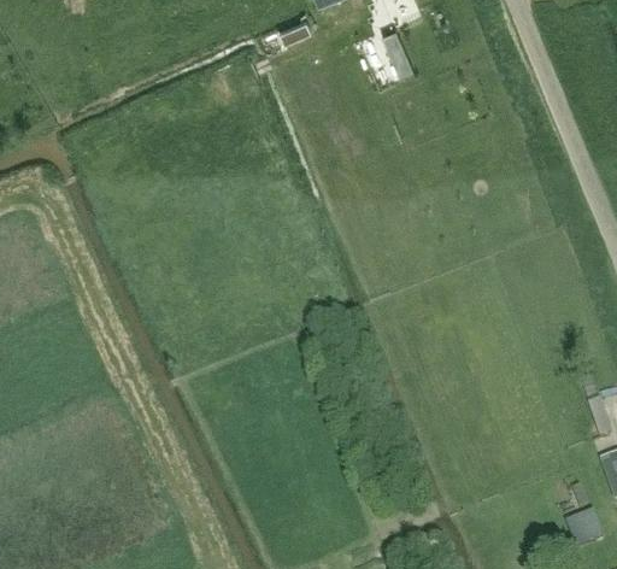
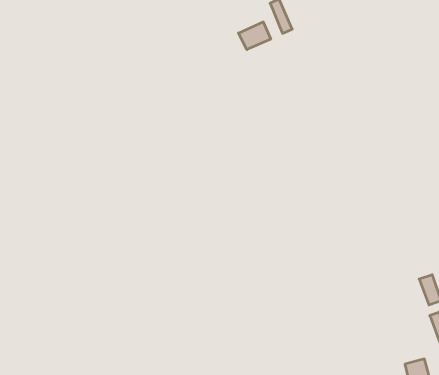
building: none -> [238,22,271,50]

